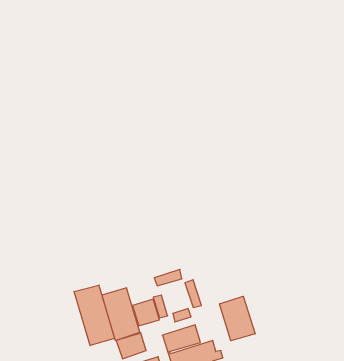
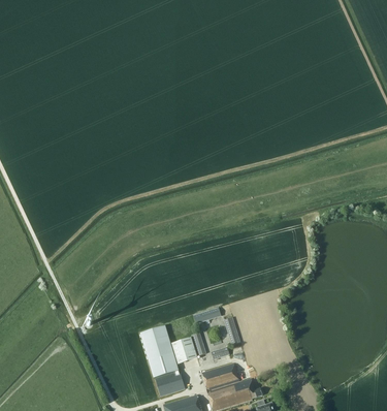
building: [74,285,114,346] -> none
building: [220,296,255,341] -> none

